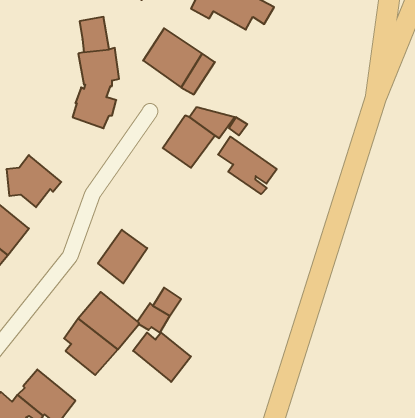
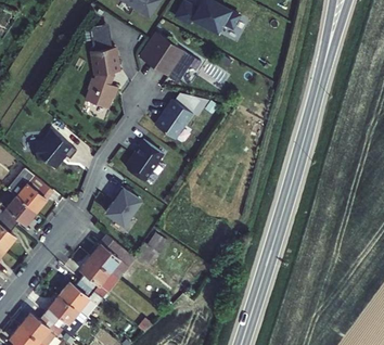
building: [218,137,277,194] -> none
building: none -> [126,140,164,182]
building: [133,333,191,382] -> [57,281,102,319]

